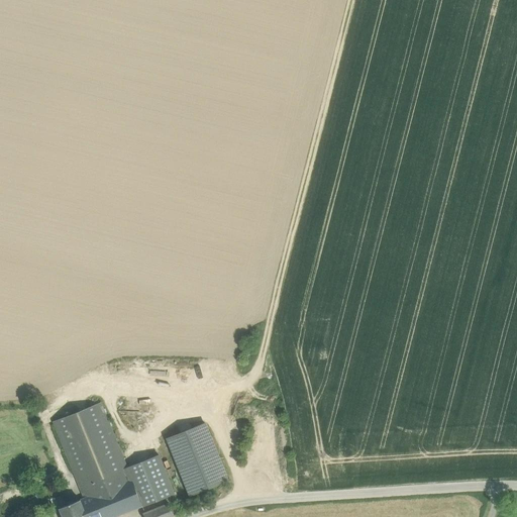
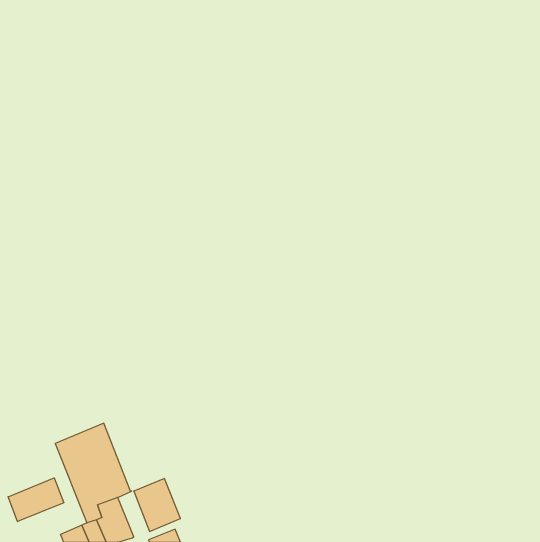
building: [166,424,226,496] -> none
building: none -> [8,478,64,522]
building: [112,468,140,511] -> none

